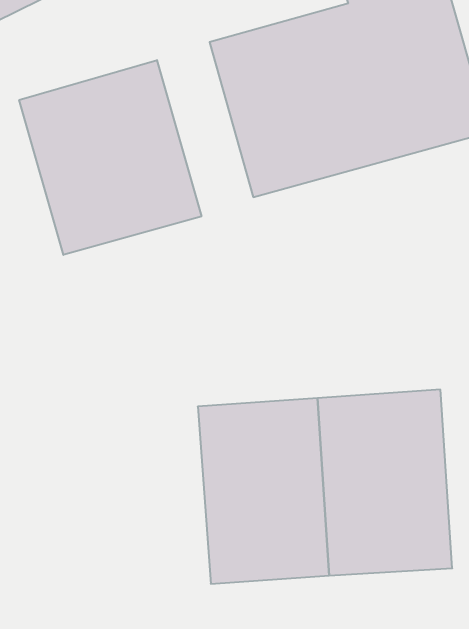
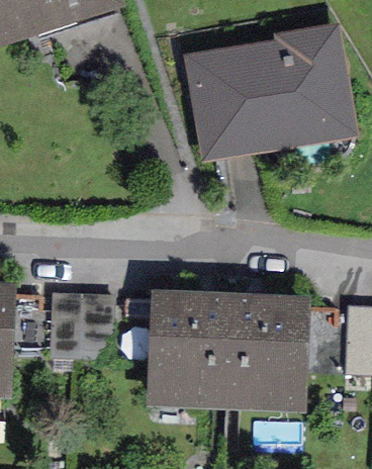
building: [19,60,201,255] -> none

